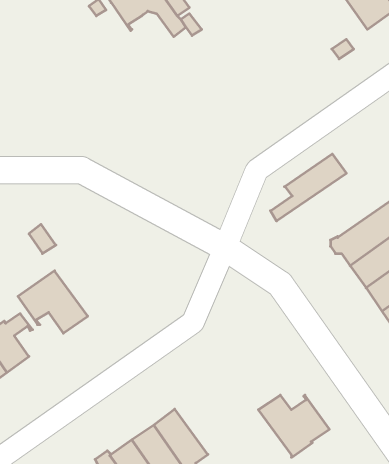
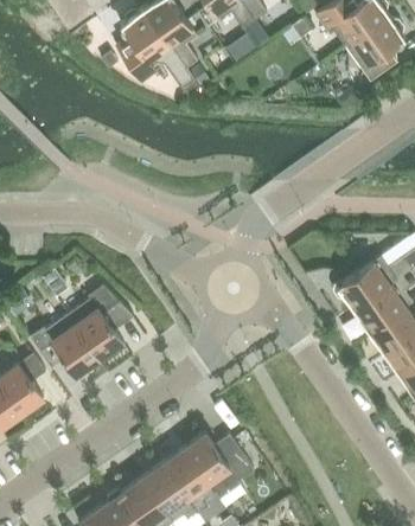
building: [270,154,346,221] -> none
building: none -> [68,288,134,359]
building: [258,395,329,457] -> [184,435,253,495]

